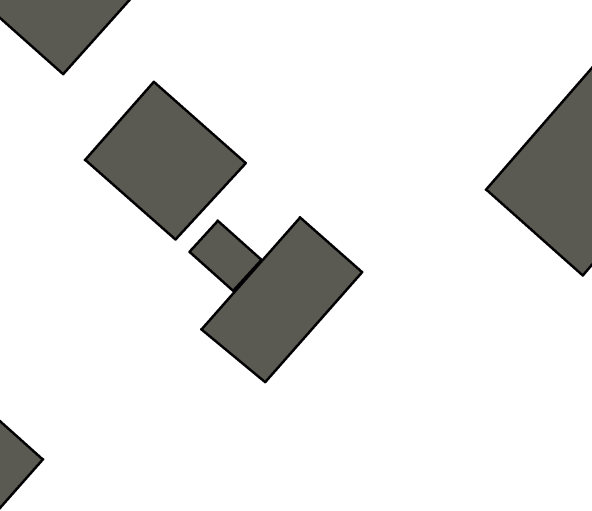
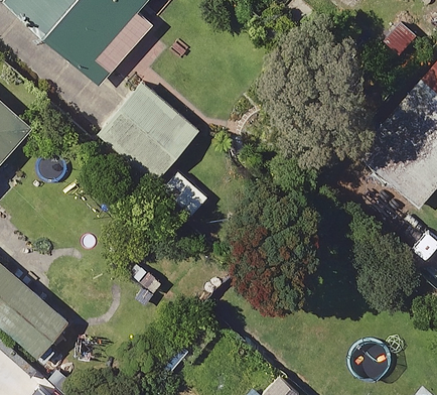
building: [201,217,362,382] -> none

